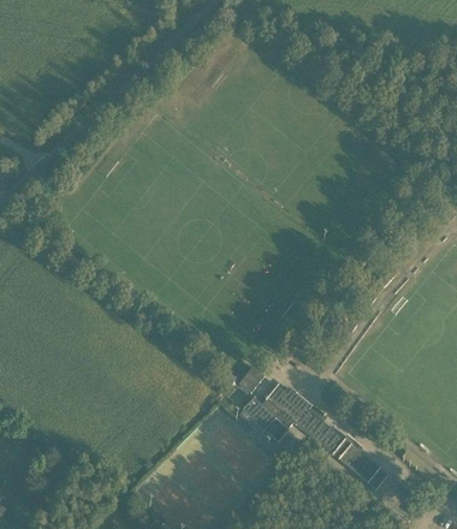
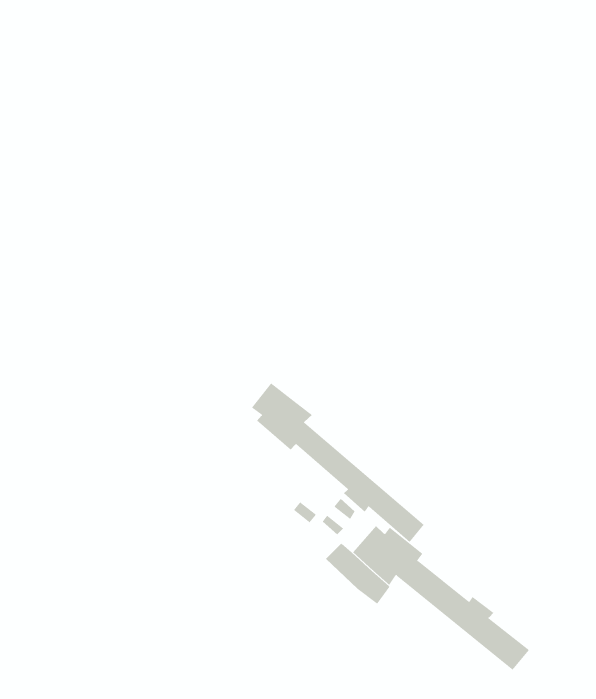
building: none -> [251,383,425,543]

